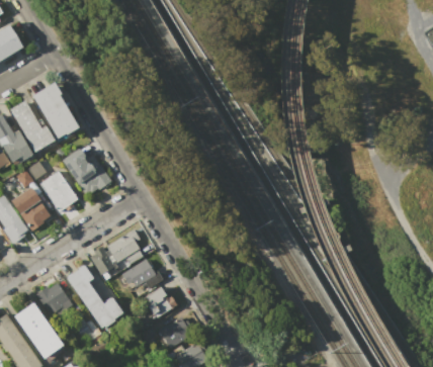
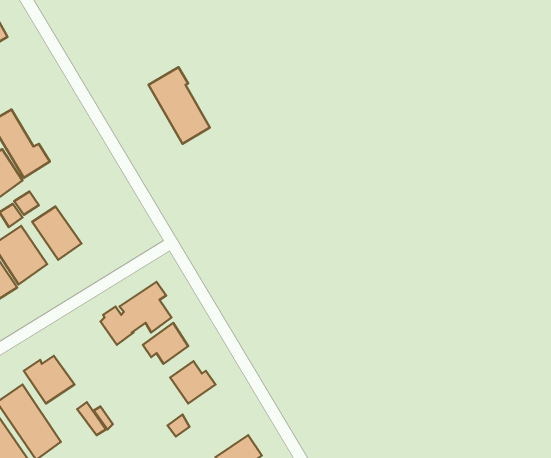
building: [32,82,78,139] -> [148,67,210,144]
building: [61,148,114,199] -> none
building: [66,264,123,329] -> none
building: [160,315,194,349] -> none

